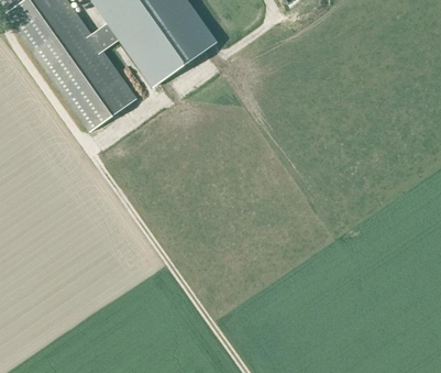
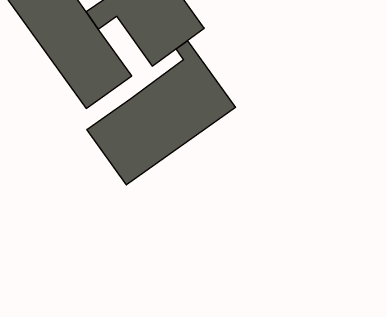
building: none -> [87,41,235,185]

